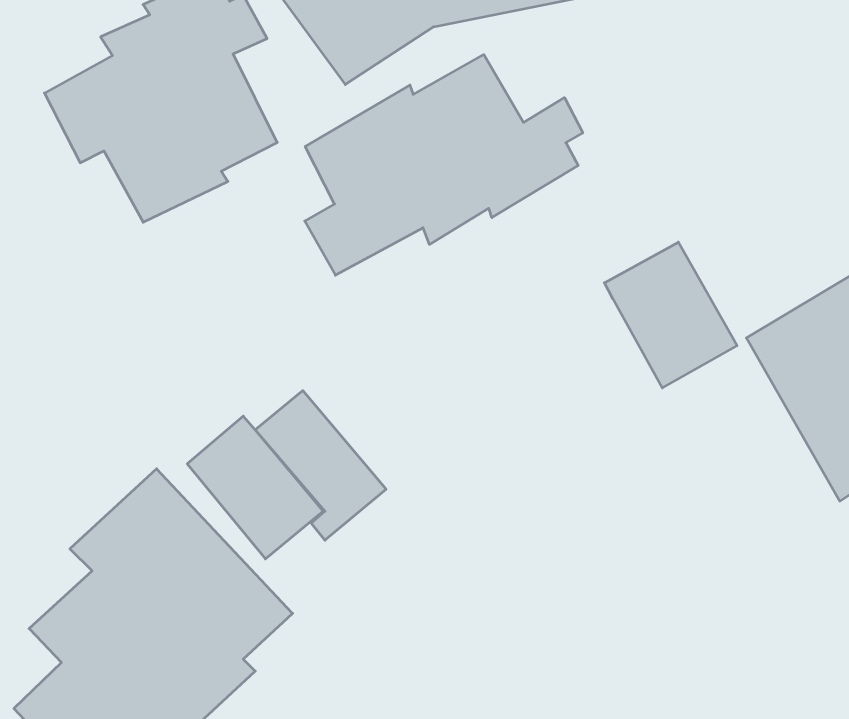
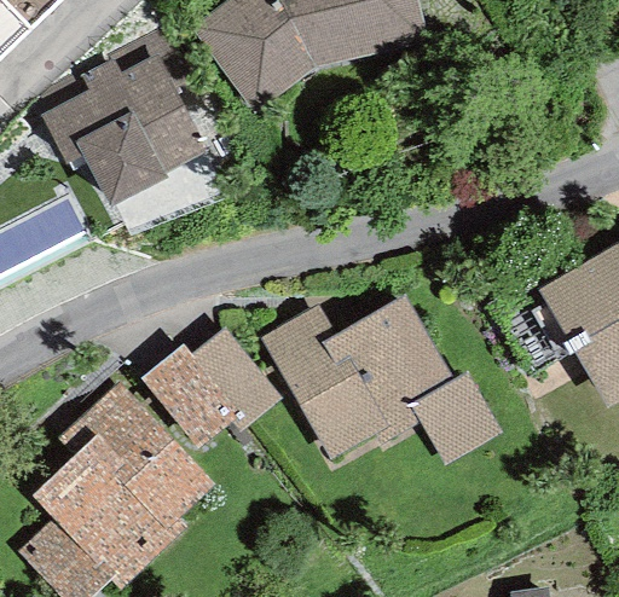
building: [305,55,583,275] -> none
building: [604,242,737,388] -> none
building: none -> [262,296,503,464]

